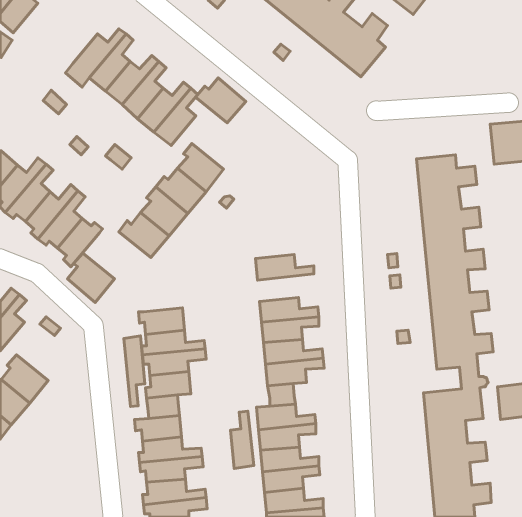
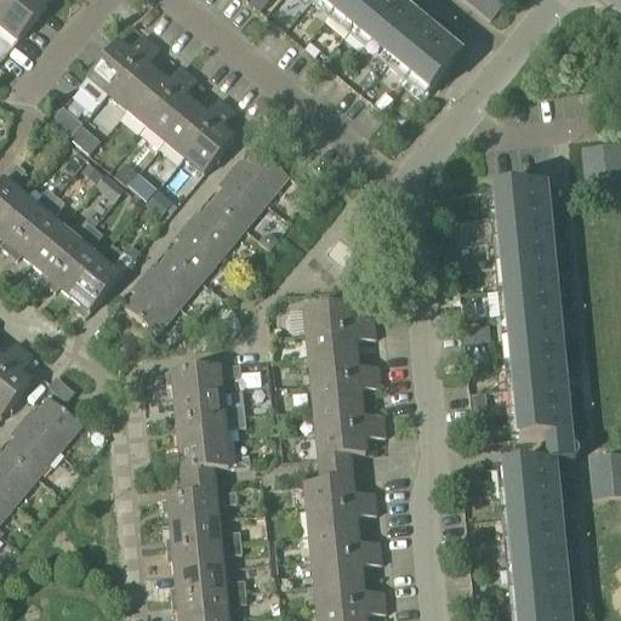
building: [196,78,246,123] -> [229,147,289,200]
building: [67,253,115,302] -> [125,274,181,332]
building: none -> [307,324,375,357]
building: none -> [22,397,82,450]
building: [124,336,145,407] -> none
building: [231,411,254,468] -> none

